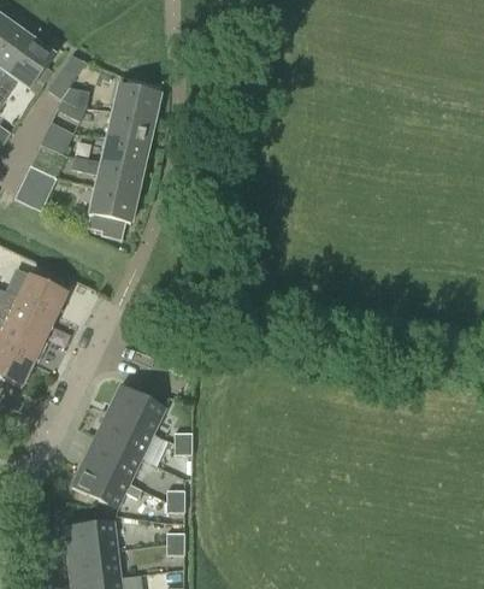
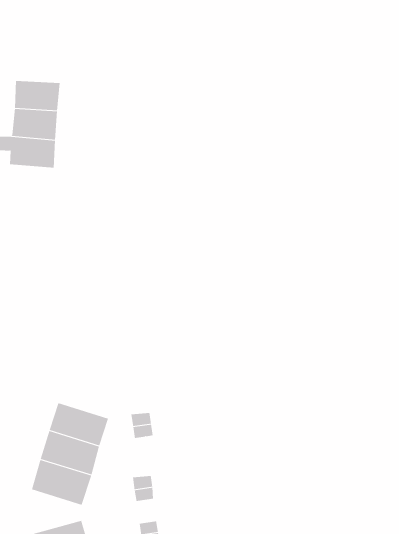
building: [113,84,160,119] -> none
building: [87,187,137,240] -> none
building: [108,385,165,432] -> none

